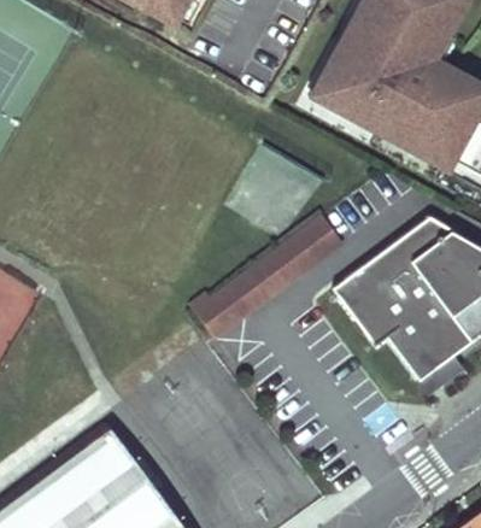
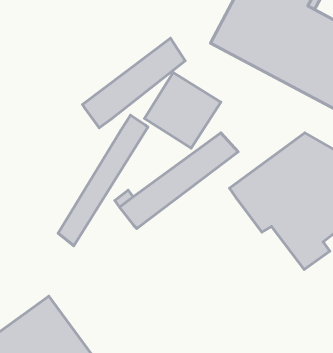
building: none -> [83,38,185,128]
building: none -> [58,115,148,246]

